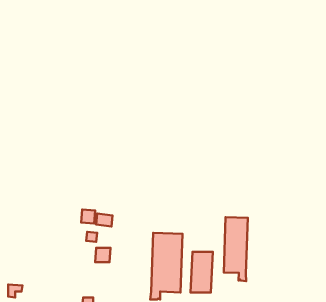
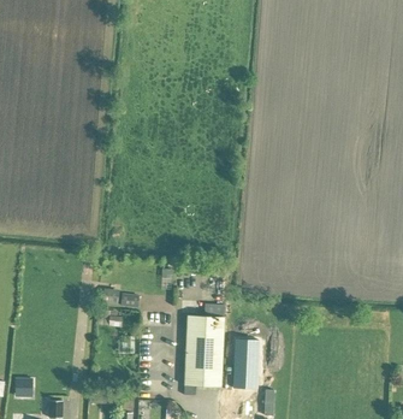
building: [224,217,248,281] -> none

